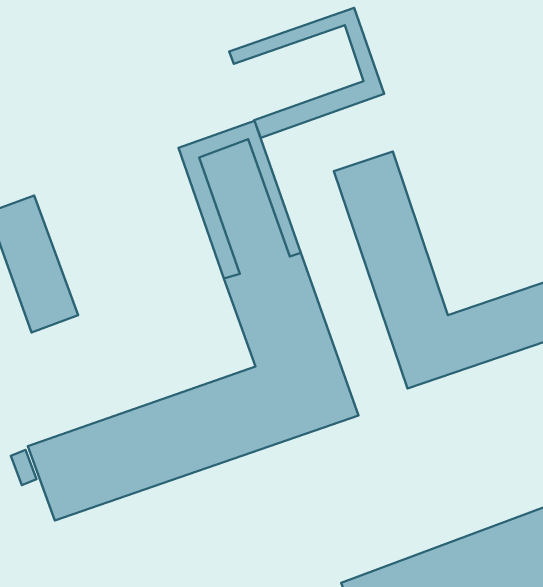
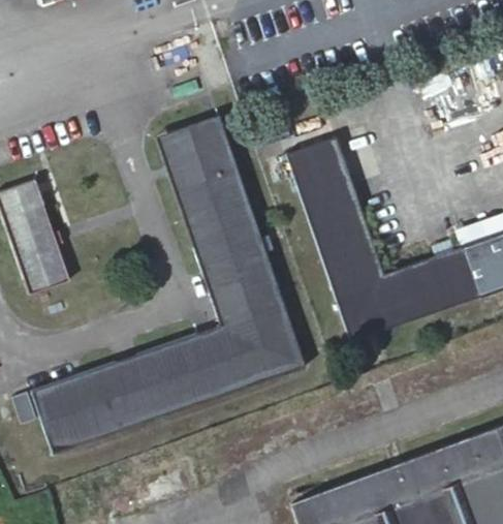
building: [229,8,384,138] -> none

